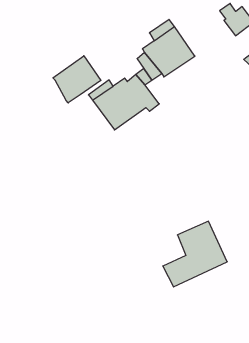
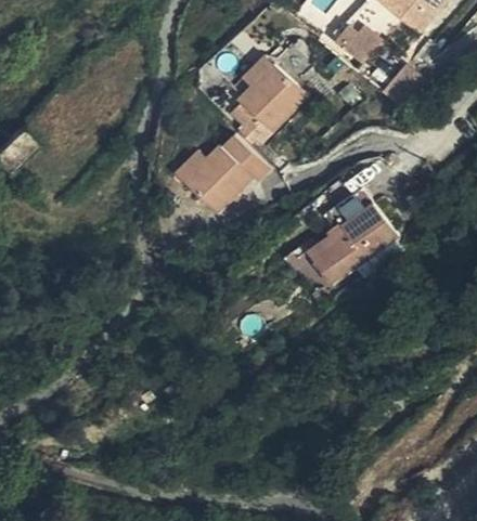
building: [53,56,101,103] -> none
building: [163,221,227,287] -> [308,191,394,285]

